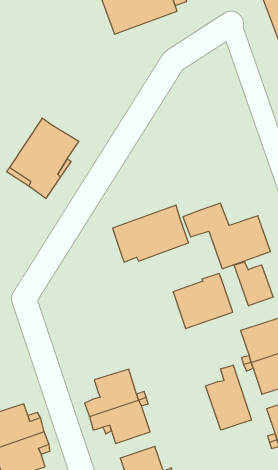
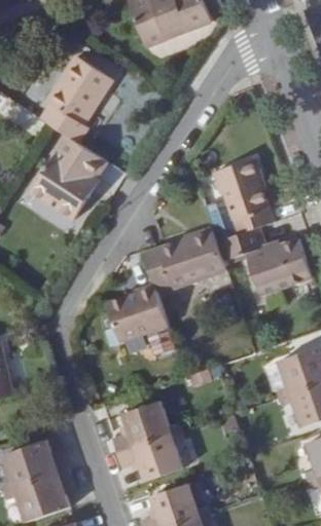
building: none -> [41,59,112,143]
building: none -> [213,159,272,233]
building: [234,262,273,306] -> none
building: [173,274,233,329] -> [104,284,168,342]
building: [206,365,251,430] -> none

